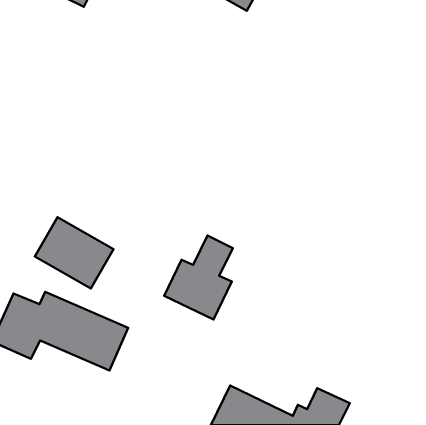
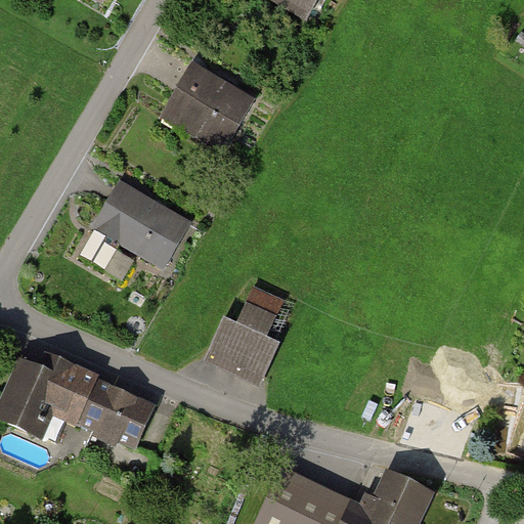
building: none -> [162,64,252,149]
building: [35,217,113,288] -> [95,180,191,267]

